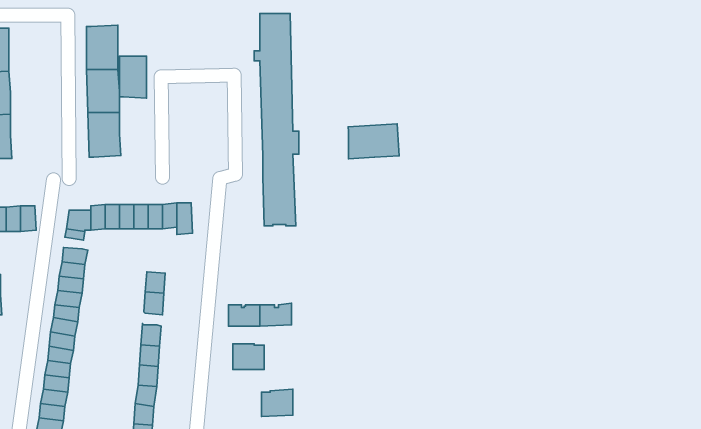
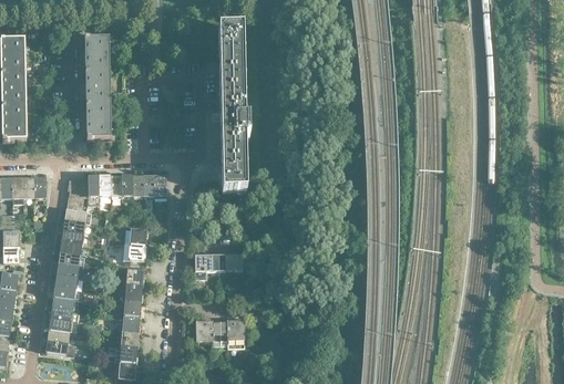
building: [119,56,147,98] -> none
building: [348,124,399,159] -> none
building: [233,344,264,370] -> [196,320,221,340]

